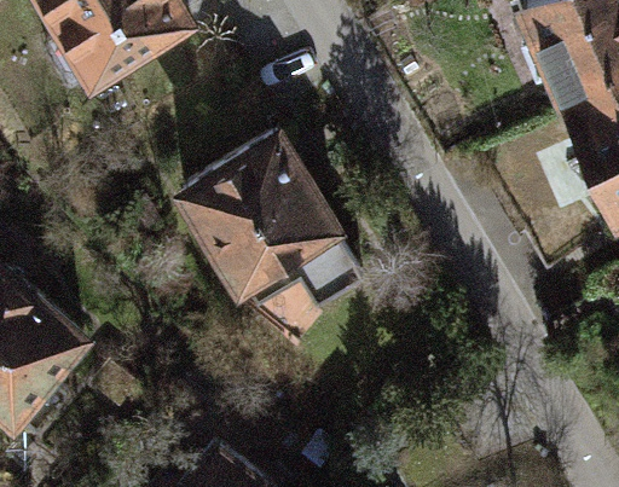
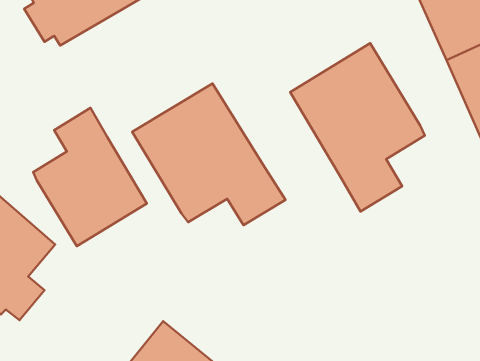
building: none -> [290,43,425,211]
building: none -> [33,108,147,246]

